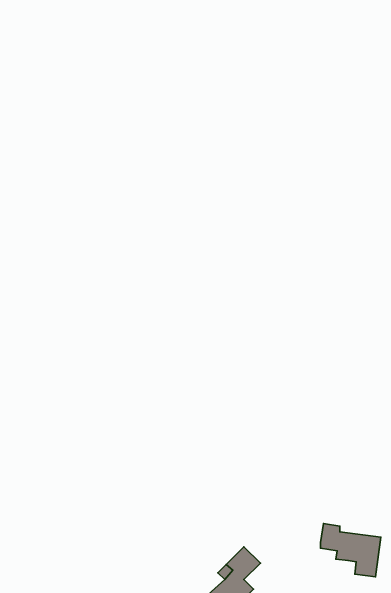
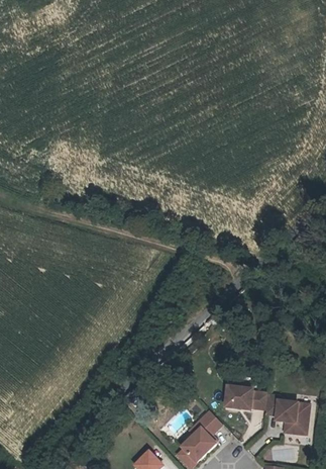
building: none -> [228,386,269,408]

